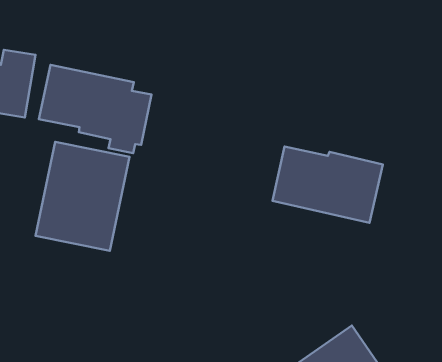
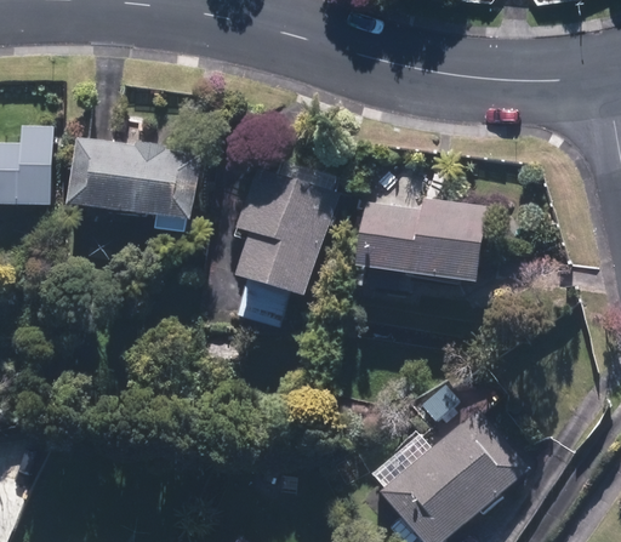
building: none -> [228,162,336,329]
building: [36,142,130,251] -> none

